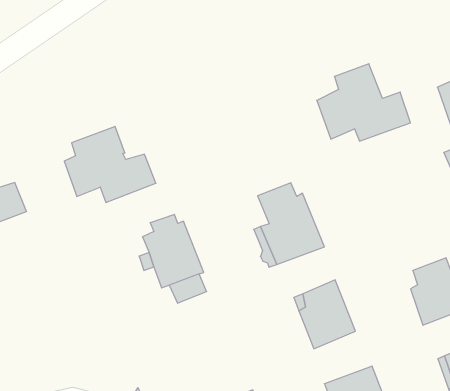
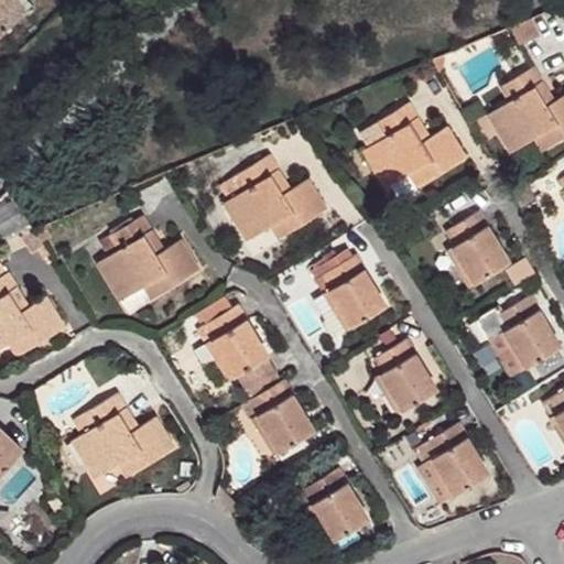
building: none -> [223,158,327,243]
building: none -> [440,212,502,286]
building: none -> [73,390,174,473]
building: none -> [241,382,316,458]

